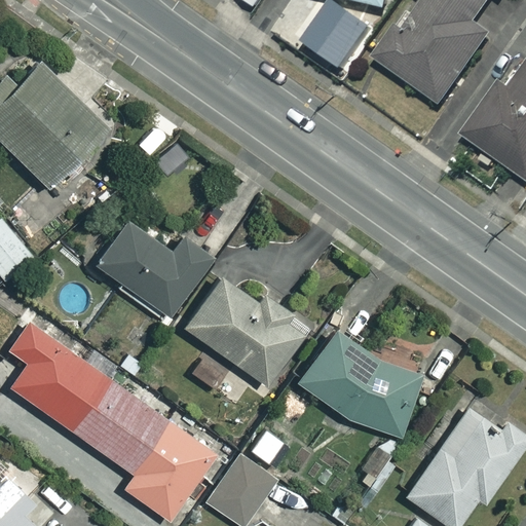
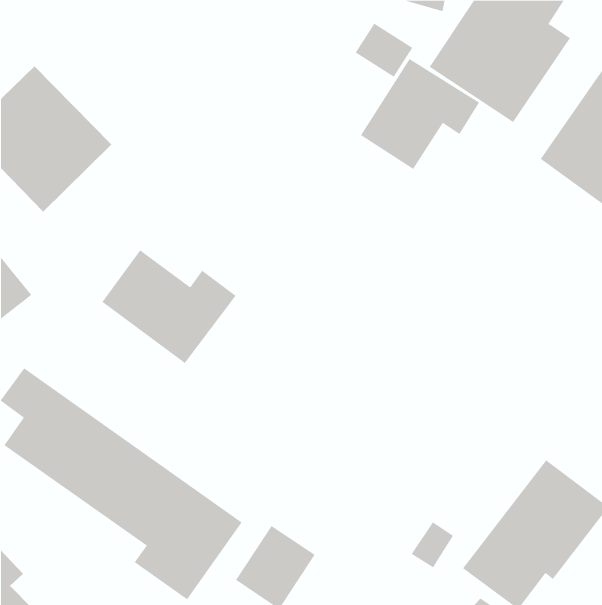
building: none -> [360,58,480,170]
building: [183,274,302,385] -> none
building: [296,326,425,437] -> none

